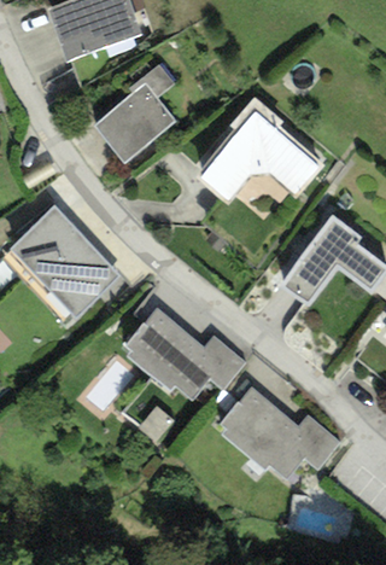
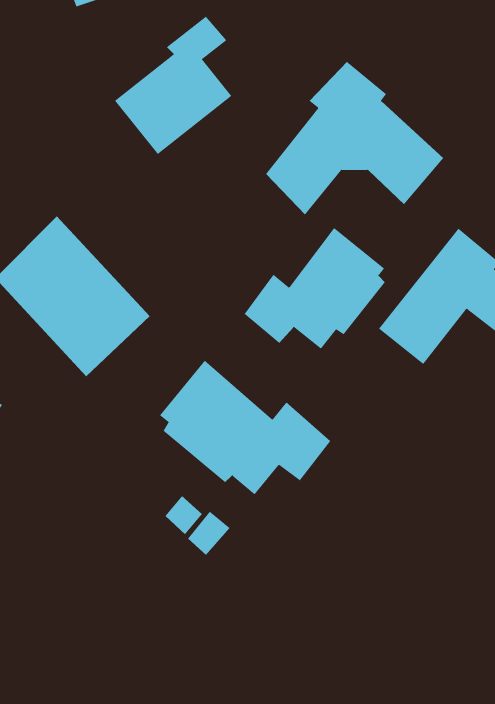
building: none -> [244,227,385,350]
building: [220,385,339,479] -> none

